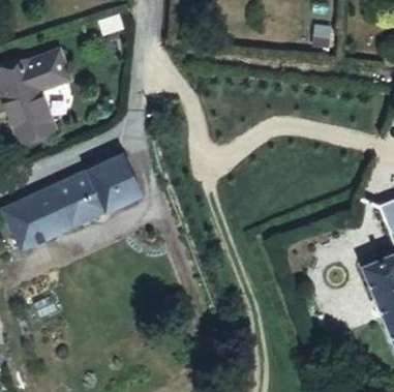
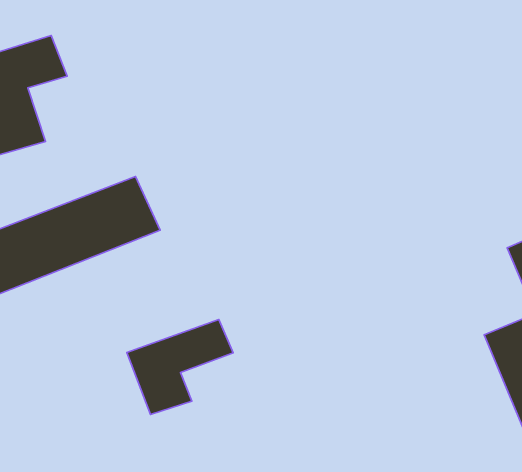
building: none -> [127,320,233,414]

